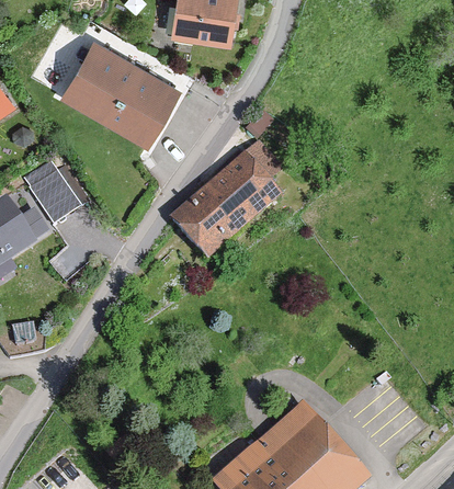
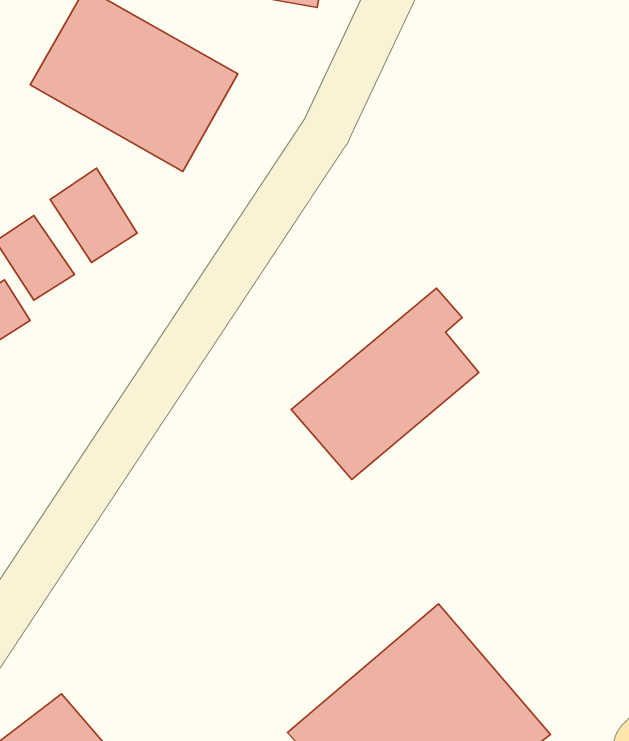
building: none -> [50,168,137,263]
building: [172,146,284,260] -> [291,288,479,479]

